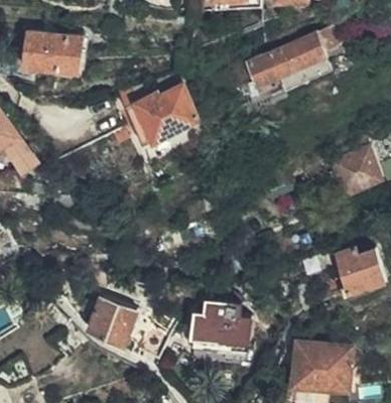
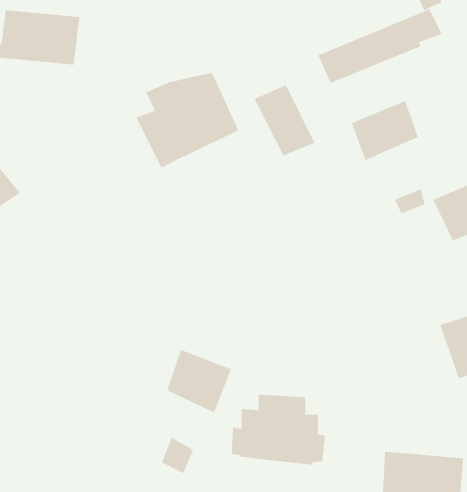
building: none -> [254,84,315,156]
building: none -> [351,100,419,161]
building: [89,300,135,346] -> [166,349,232,413]

